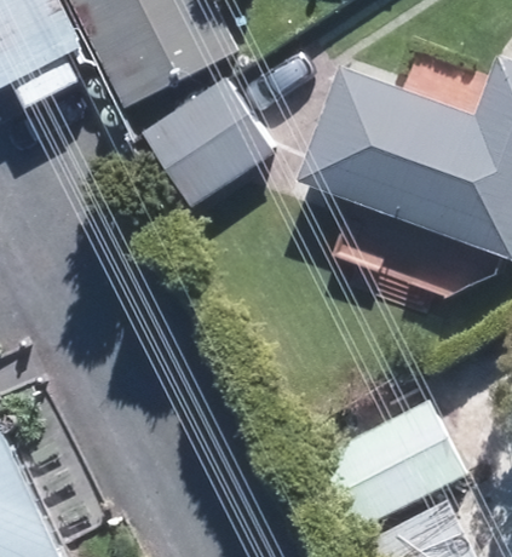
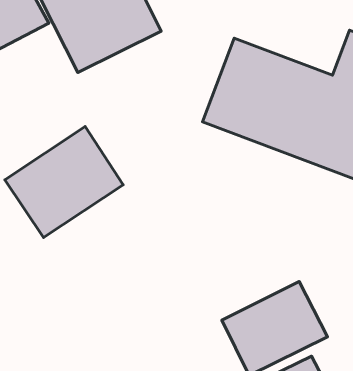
building: [148,84,275,207] -> none
building: none -> [5,126,123,238]

